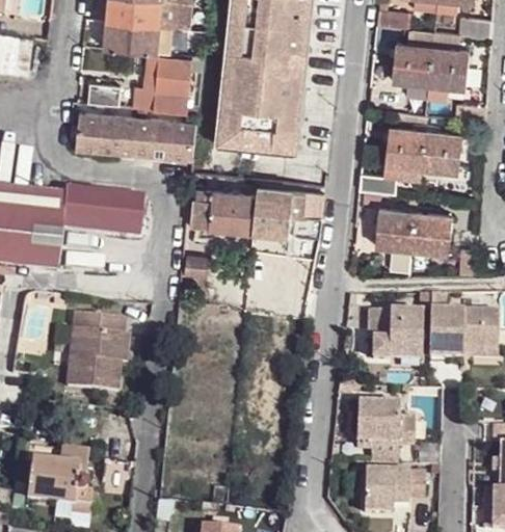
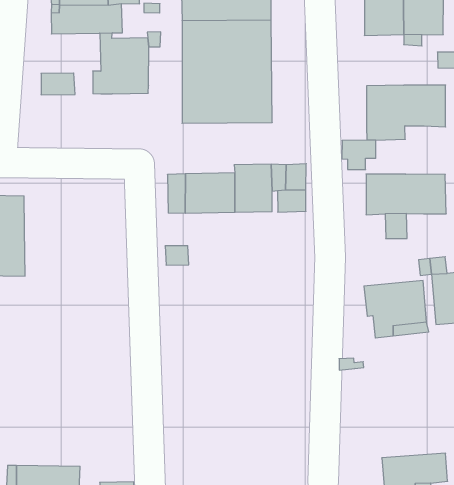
building: [77,111,197,158] -> none
building: [59,188,141,233] -> none
building: [63,314,125,393] -> none
building: [354,402,411,466] -> none

